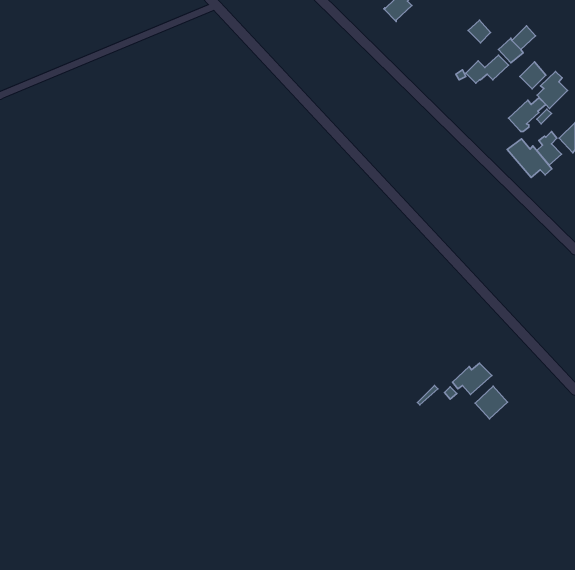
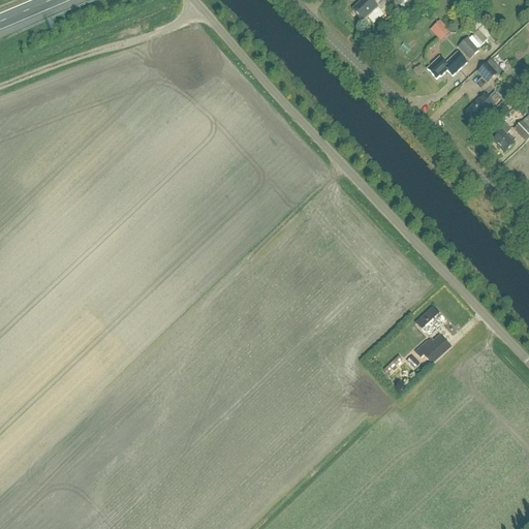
building: [537,72,568,109] -> none
building: [507,139,552,178] -> none
building: [475,386,508,419] -> [416,306,446,336]

